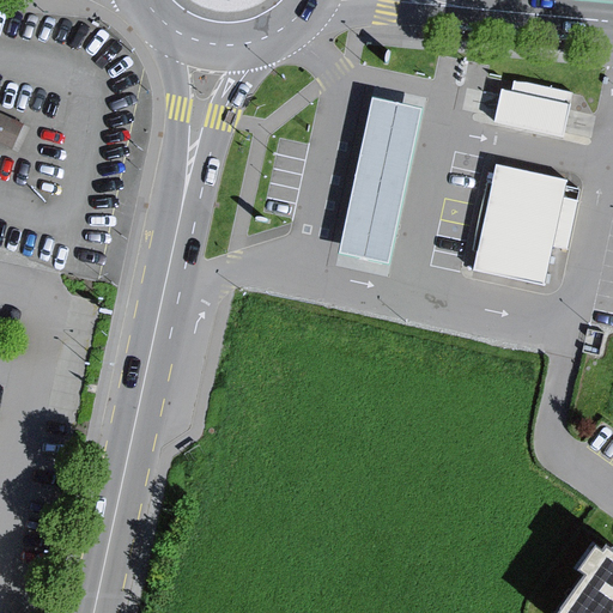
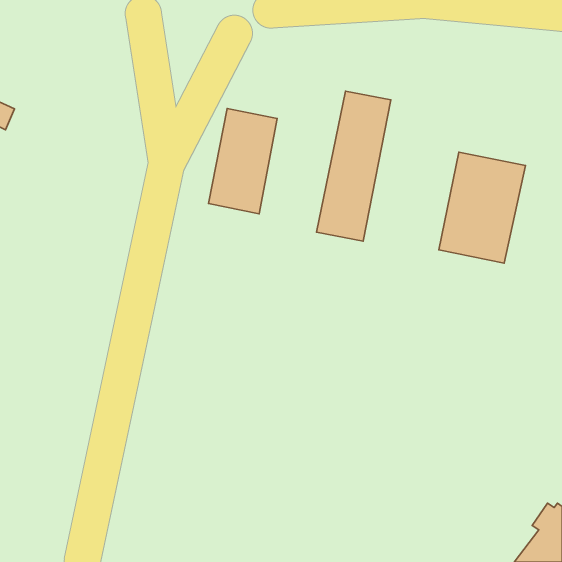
building: [493,78,575,136] -> none
building: none -> [209,109,277,214]

